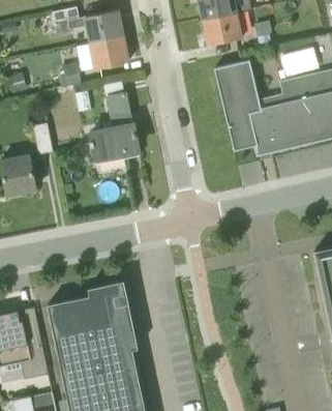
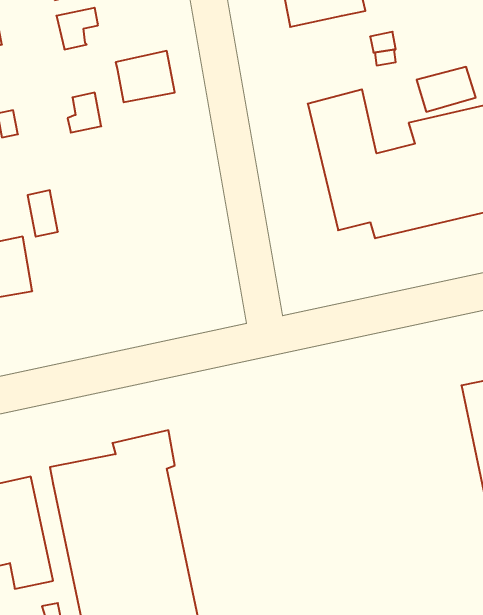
building: [85,9,123,41] -> none
building: [203,11,241,45] -> none
building: [91,93,140,164] -> none

